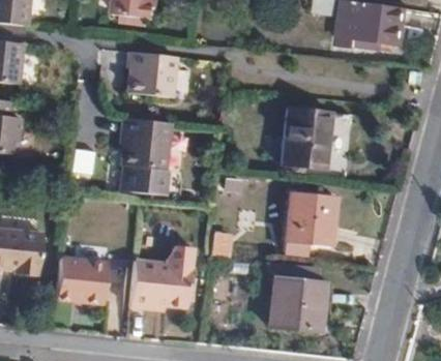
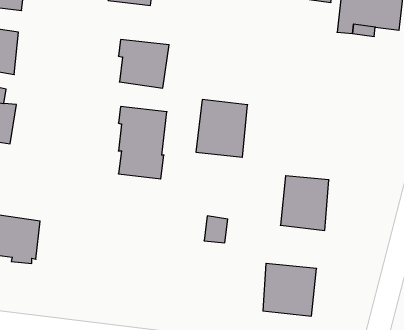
building: [281,111,332,169] -> [196,100,248,157]
building: [133,244,196,306] -> none
building: [58,255,109,302] -> none

